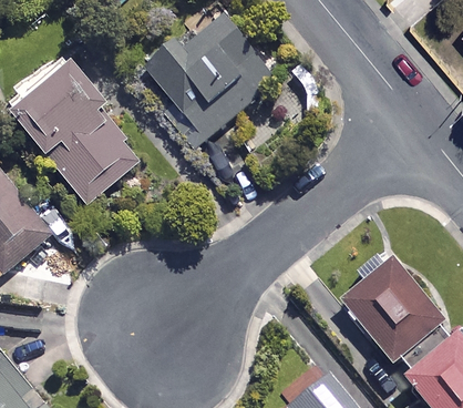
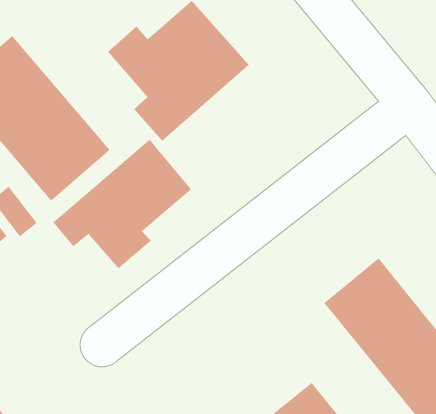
building: none -> [52,139,192,269]

